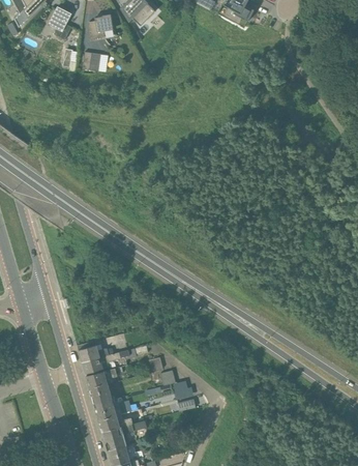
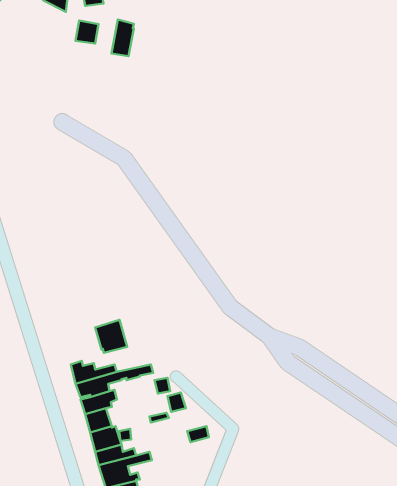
building: none -> [112,20,134,56]
building: none -> [95,320,127,353]

